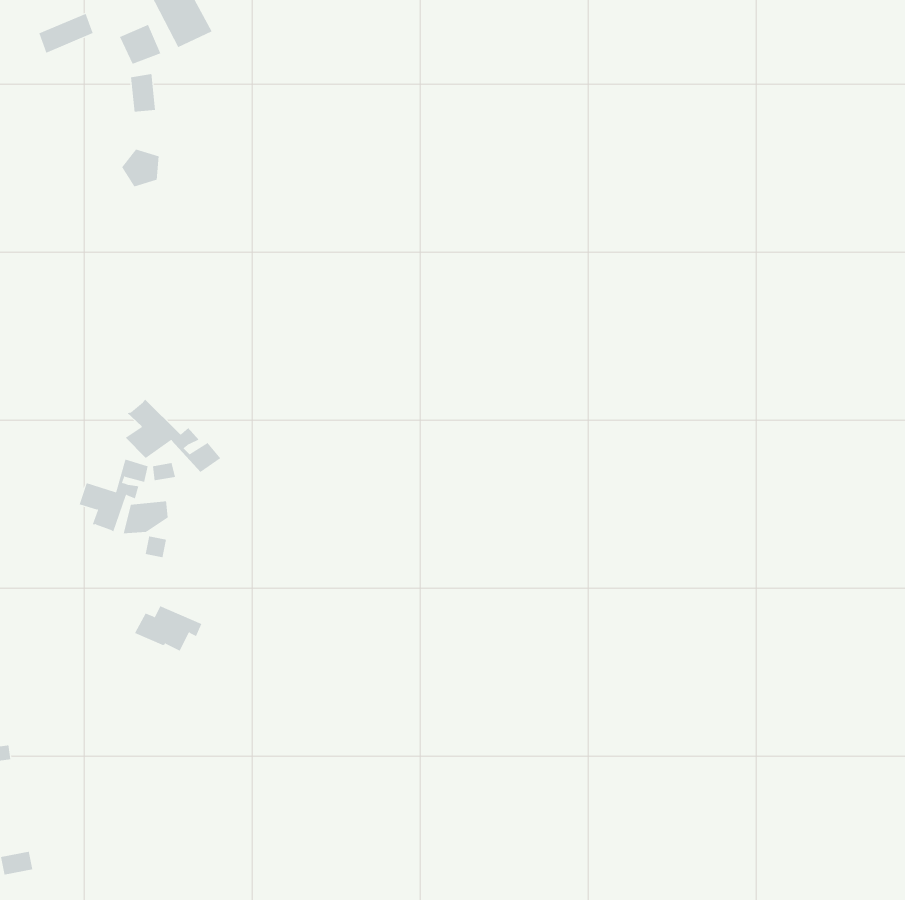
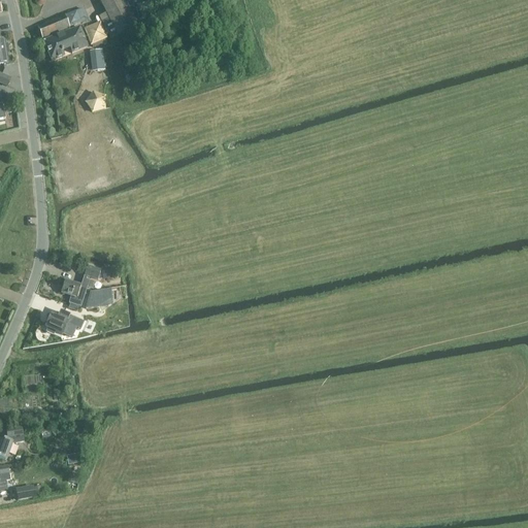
building: none -> [43,25,88,59]
building: [125,399,221,473] -> none
building: [134,606,202,651] -> [45,309,84,335]

